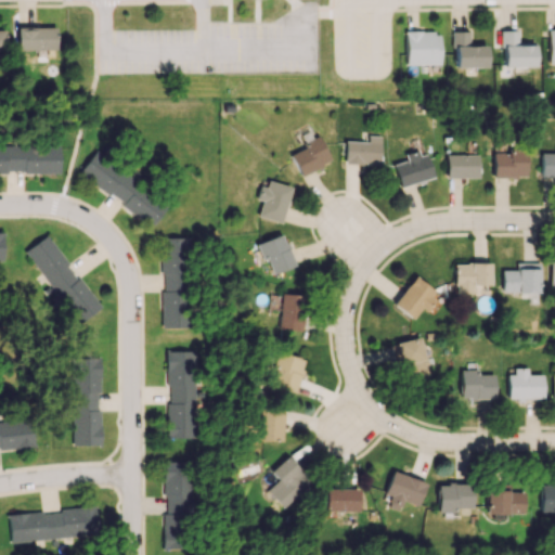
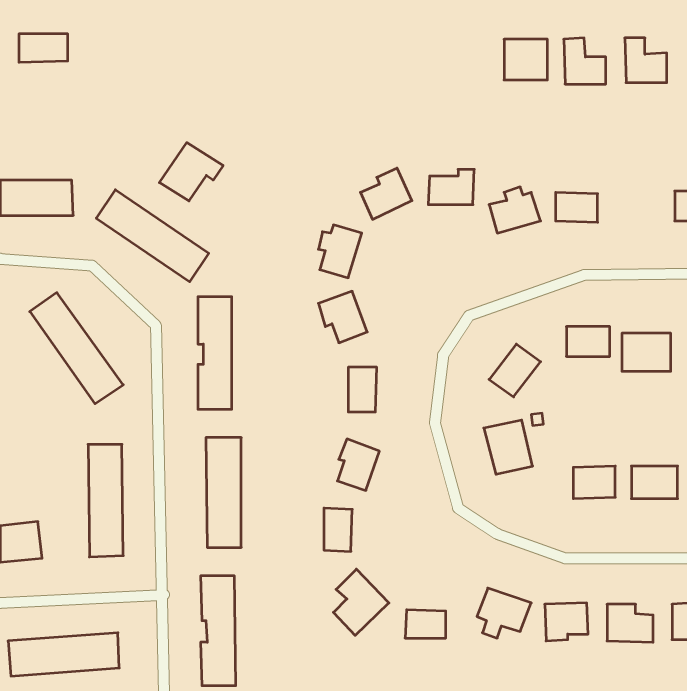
building: none -> [159,143,223,201]
building: [495,150,531,179] -> none

